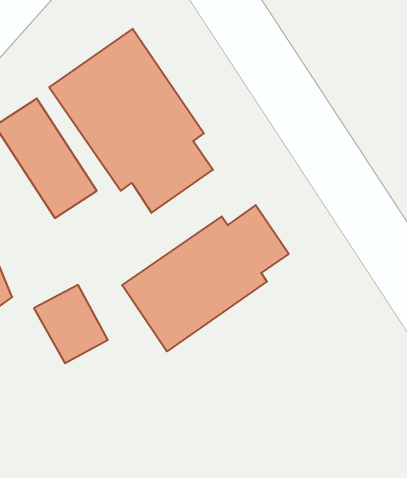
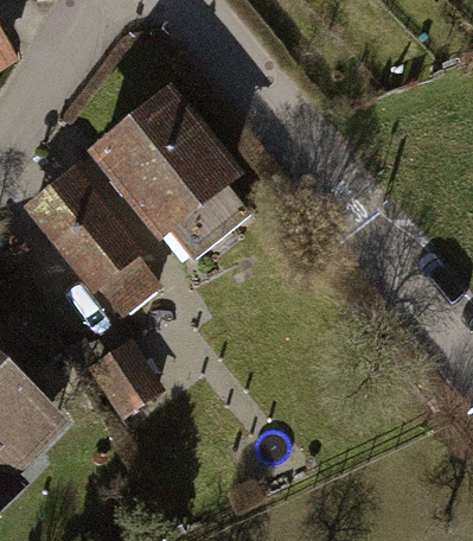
building: [122,205,289,351] -> none

